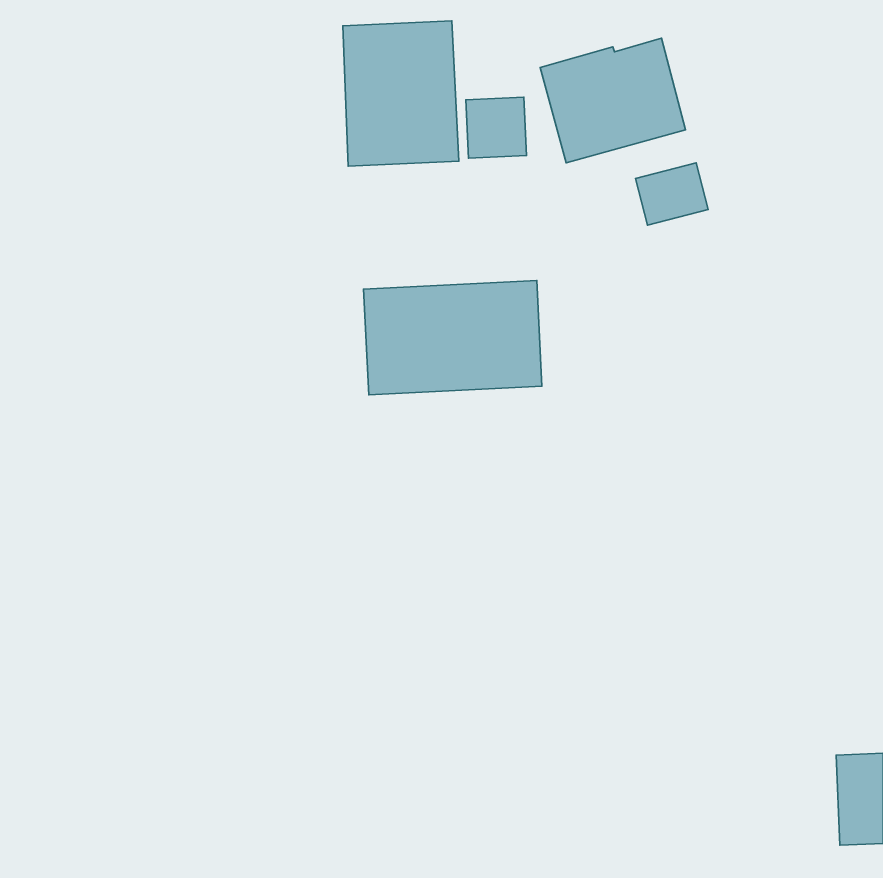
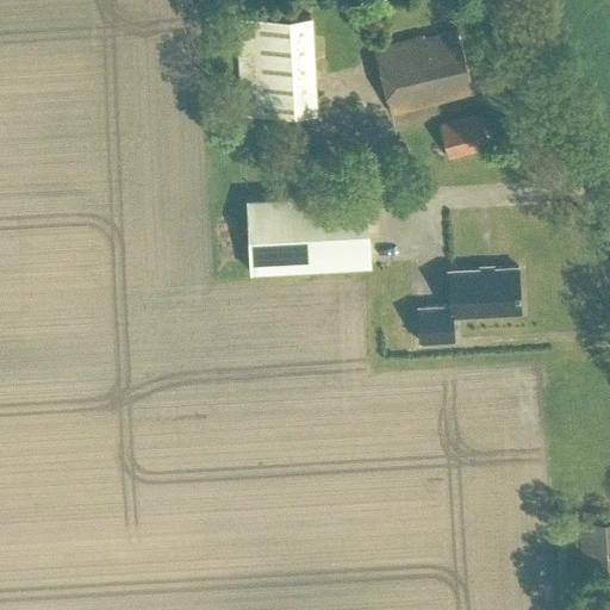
building: [466,97,526,158] -> none
building: none -> [416,269,519,344]

